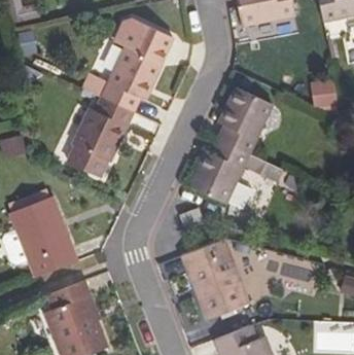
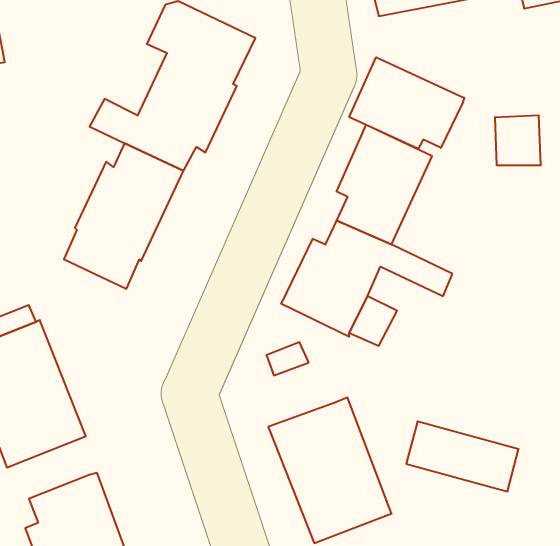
building: none -> [349,57,464,149]

